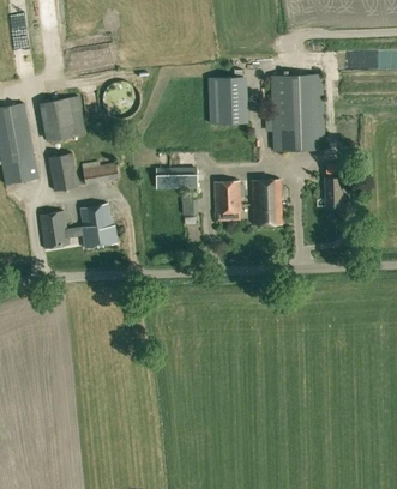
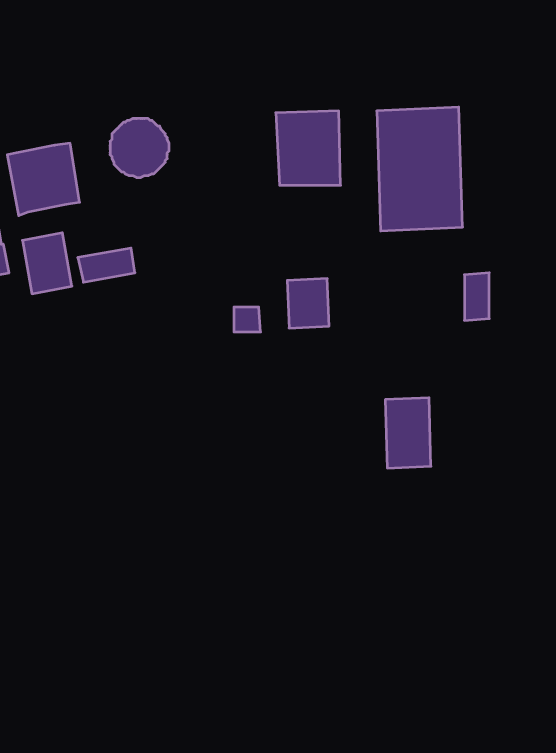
building: [155,168,197,188] -> none
building: [252,180,281,224] -> [385,398,431,468]
building: [38,204,116,248] -> none

